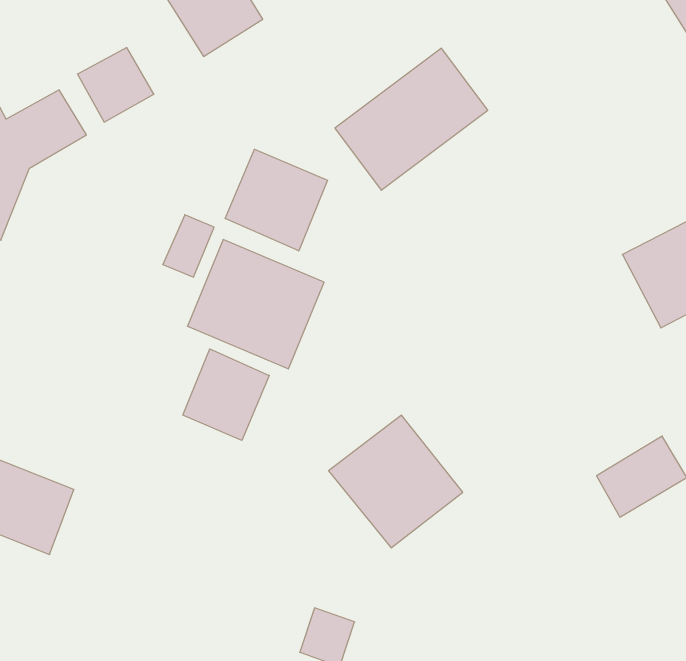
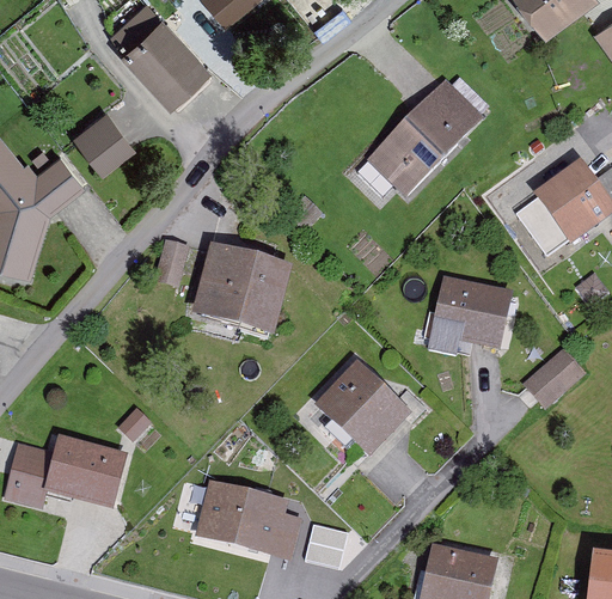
building: [335,48,488,190] -> [365,87,479,203]
building: [225,149,327,251] -> none
building: none -> [423,275,514,353]
building: [183,349,269,440] -> none
building: none -> [192,478,298,556]

